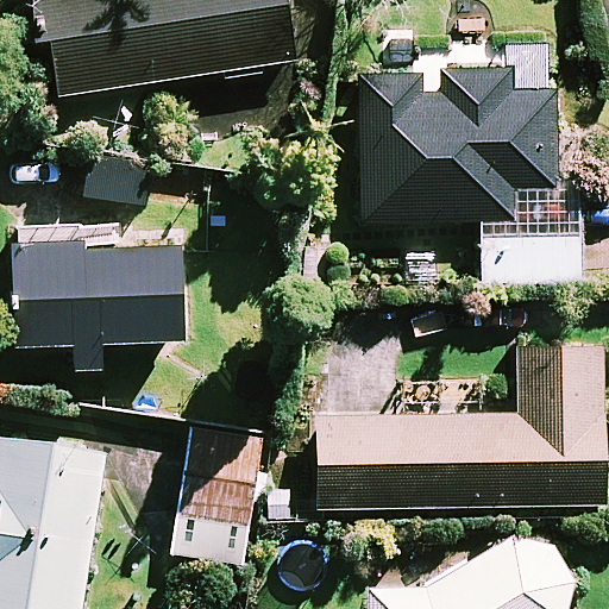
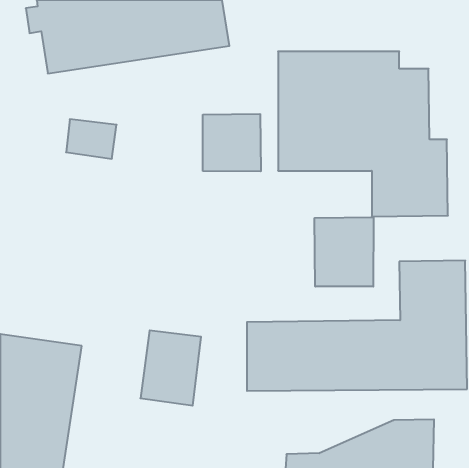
building: none -> [203,114,261,171]
building: [13,219,184,369] -> none
building: none -> [315,217,374,287]

